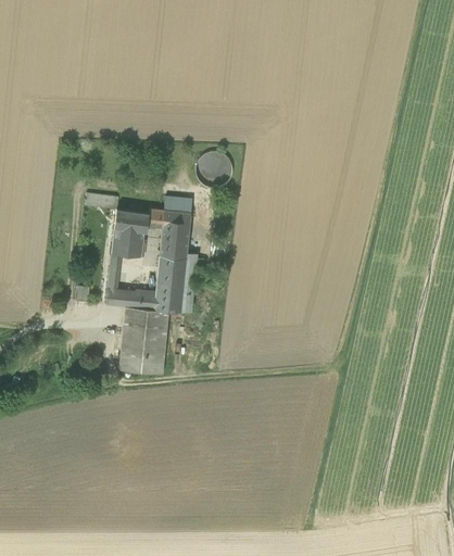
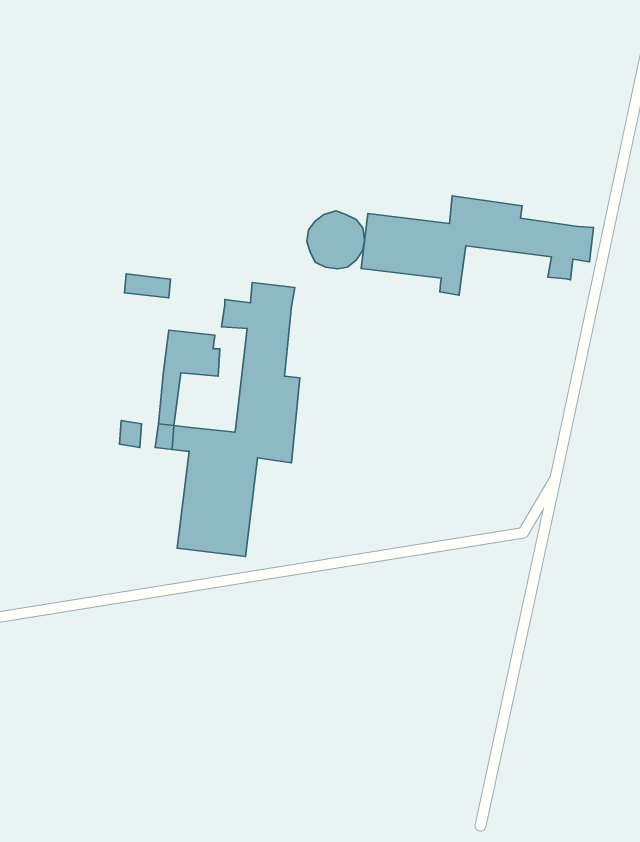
building: none -> [361,196,594,295]
building: [113,207,149,232] -> none

